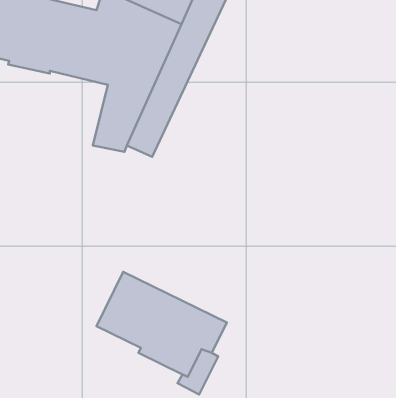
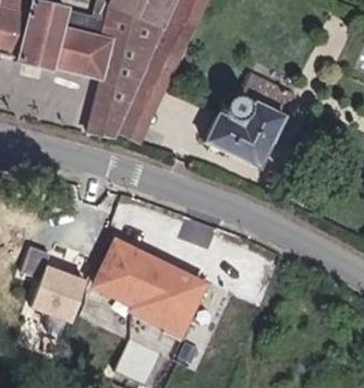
building: none -> [205,73,294,168]
building: none -> [36,266,87,316]

